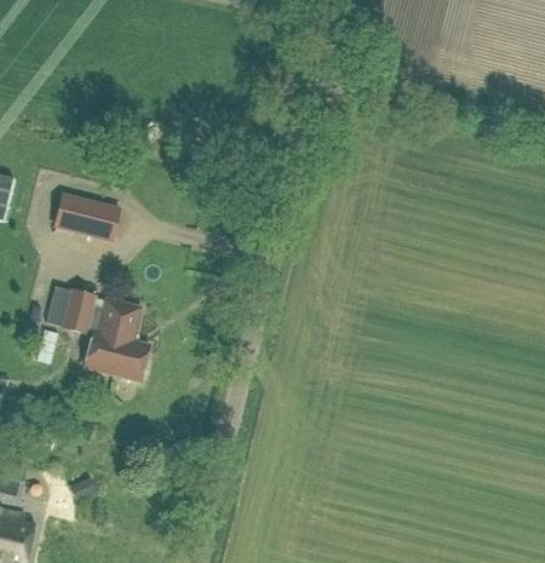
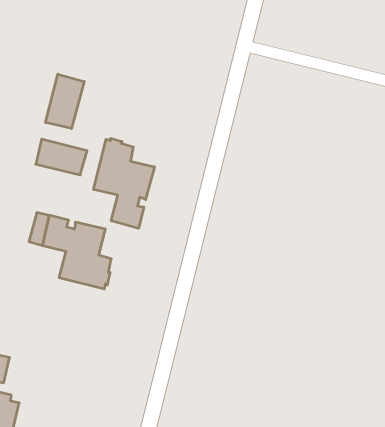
building: none -> [46,74,84,129]
building: none -> [94,138,154,228]

